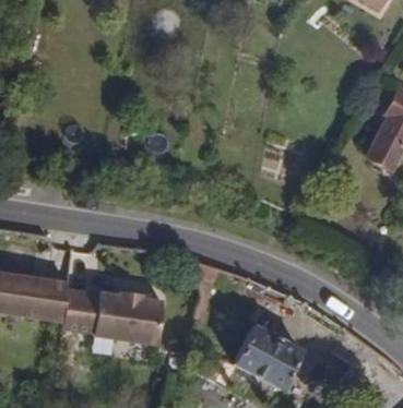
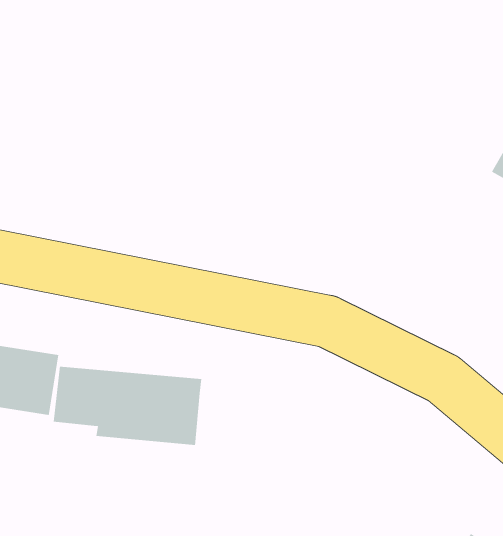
building: [235,326,309,391] -> none

